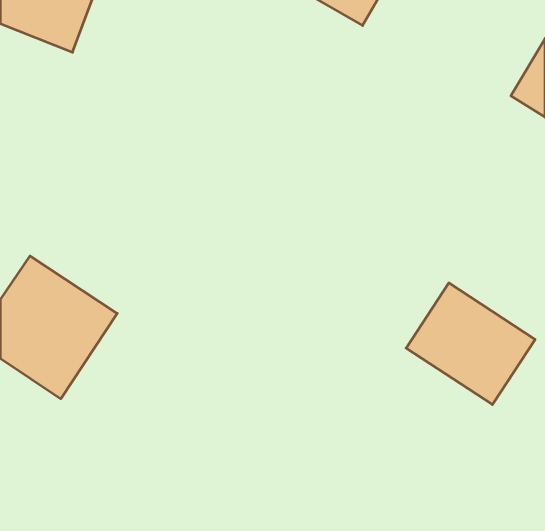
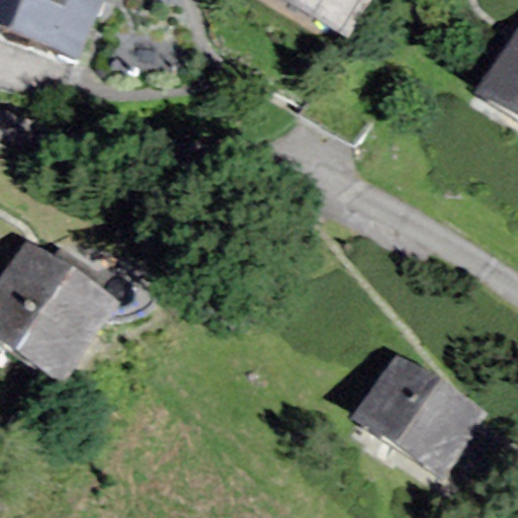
building: [406,283,535,405] -> [358,355,481,470]

